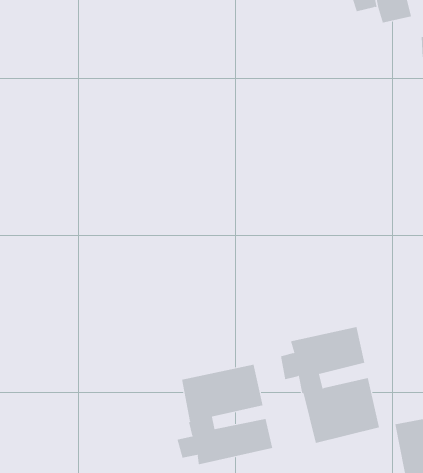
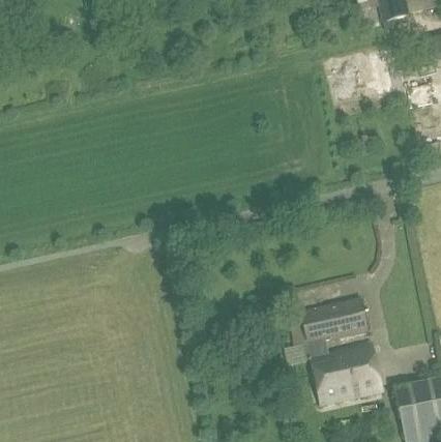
building: [177,364,273,465] -> none

